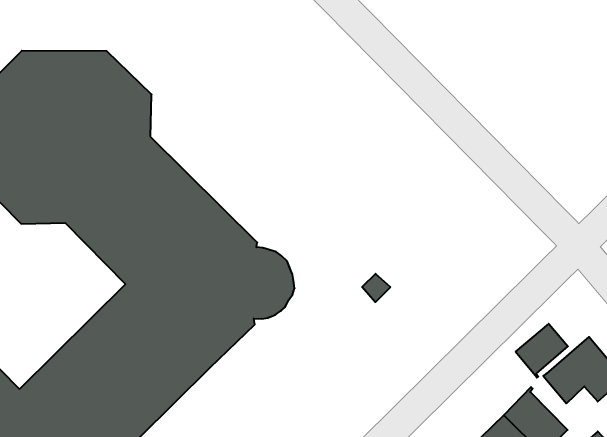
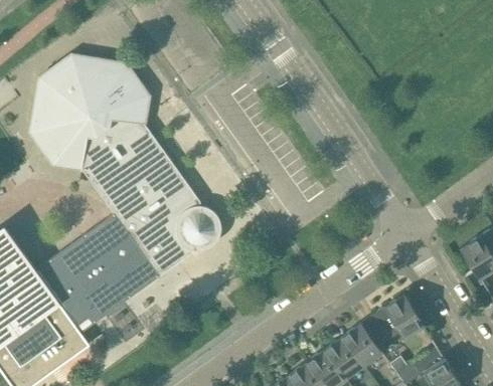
building: [516,324,568,378] -> none

